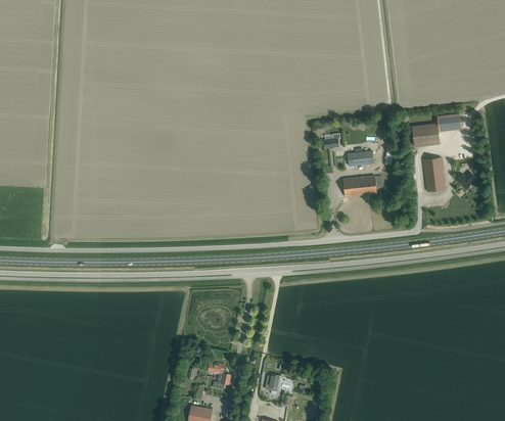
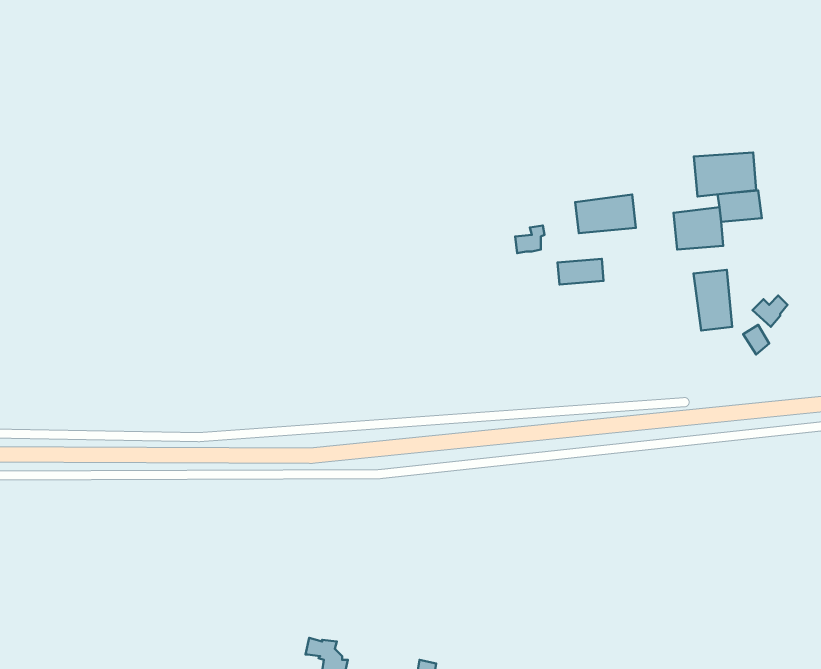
building: none -> [694,152,756,196]
building: [343,175,377,196] -> [575,195,636,233]

